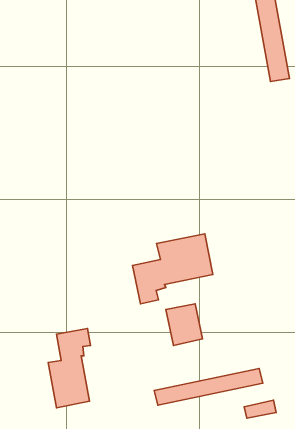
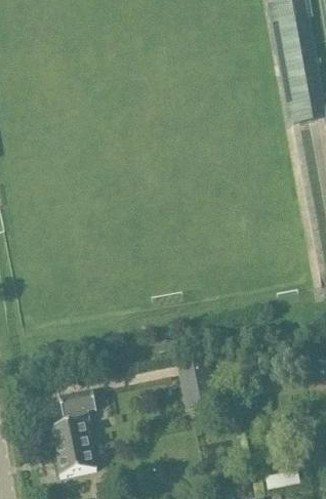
building: [133,234,213,304] -> none
building: [154,368,263,405] -> none

